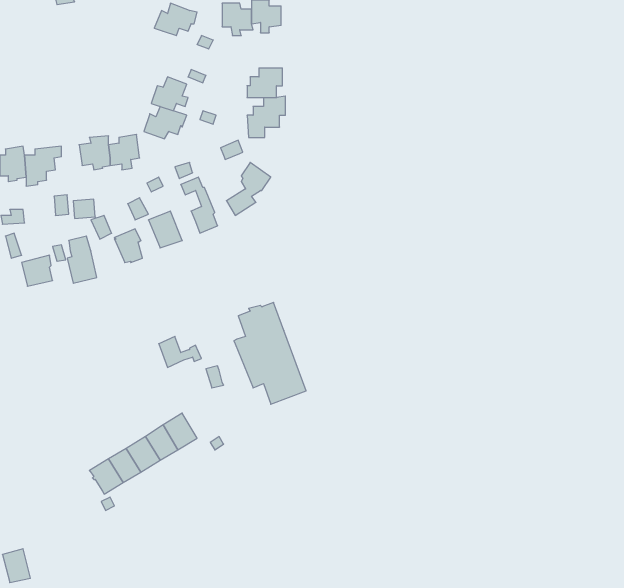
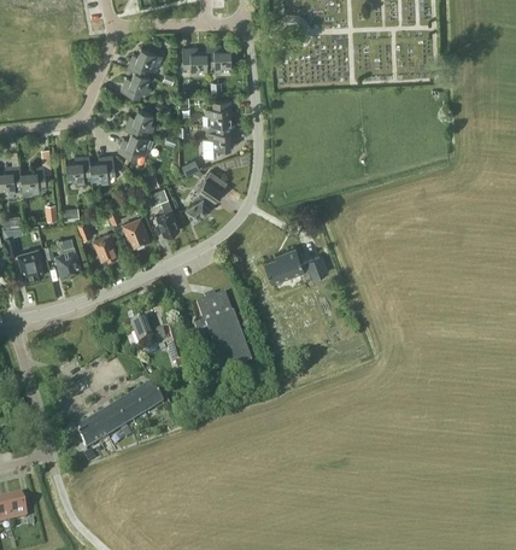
building: none -> [122,70,152,98]
building: none -> [265,247,328,282]

